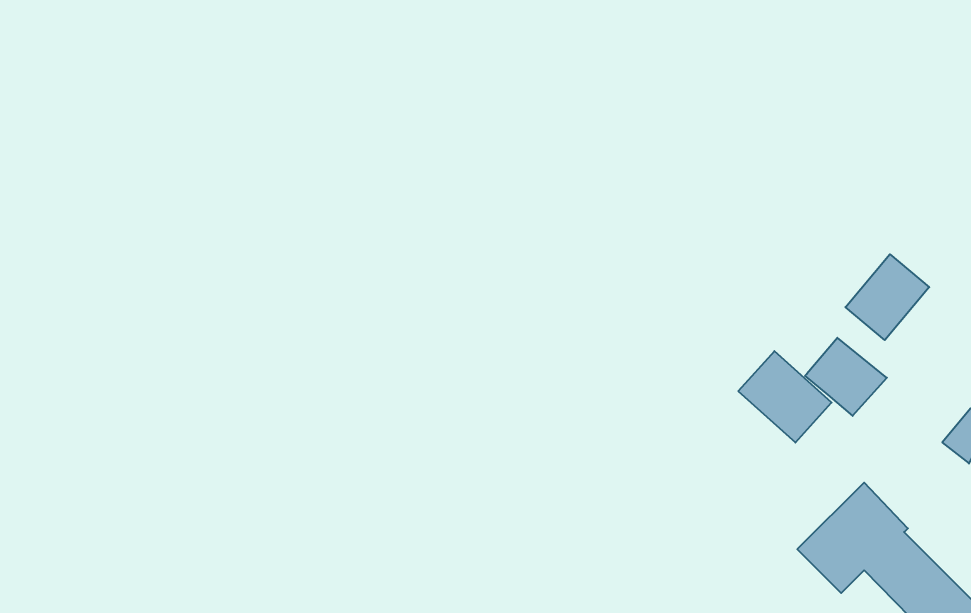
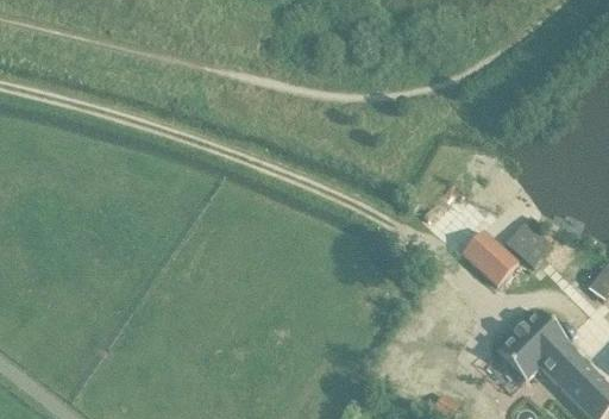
building: [845,254,929,340] -> none

